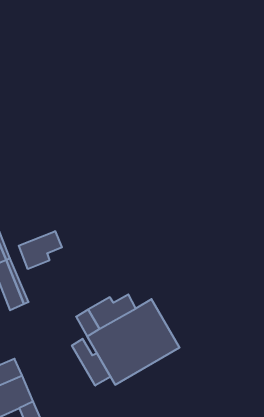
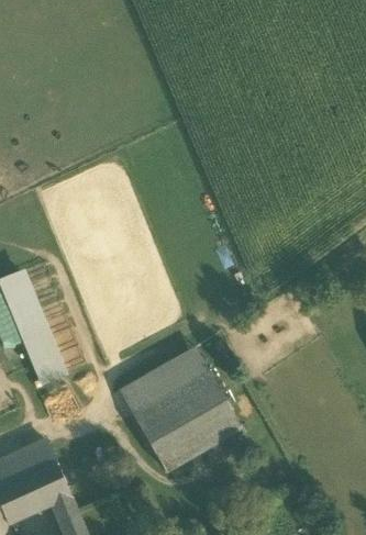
building: [19,231,62,269] -> none
building: none -> [158,346,208,380]
building: [72,339,111,386] -> none

